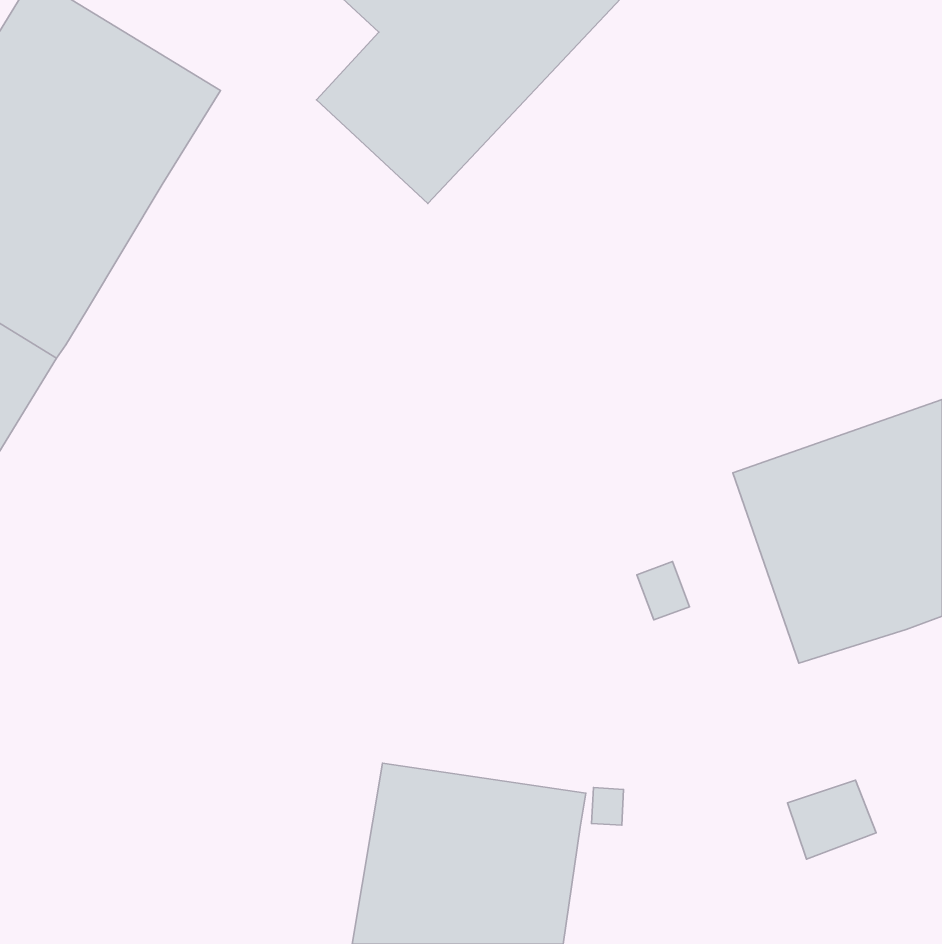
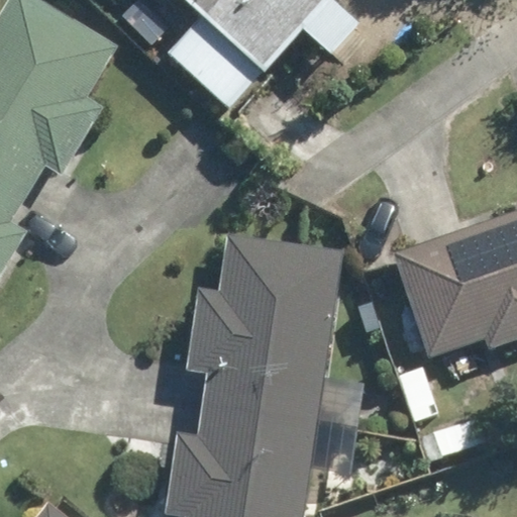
building: none -> [205,237,340,425]

